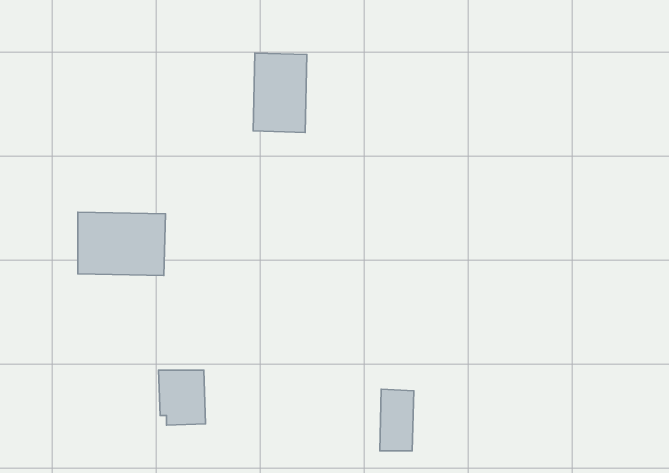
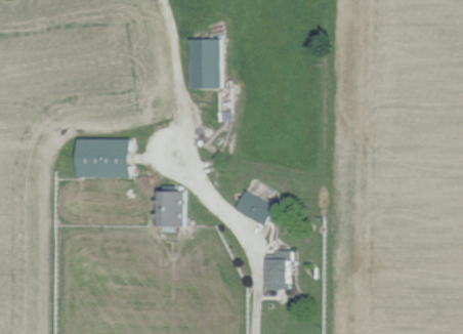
building: none -> [233,191,272,225]
building: [158,370,205,425] -> [153,192,182,226]

